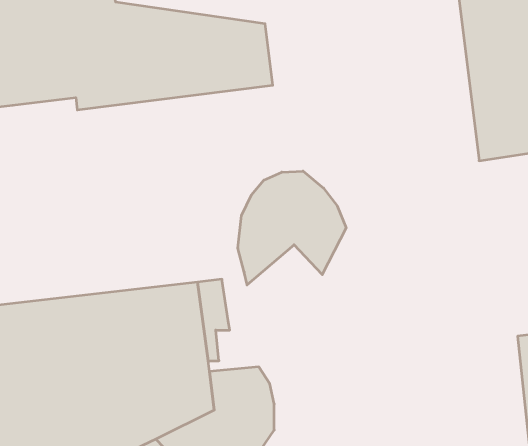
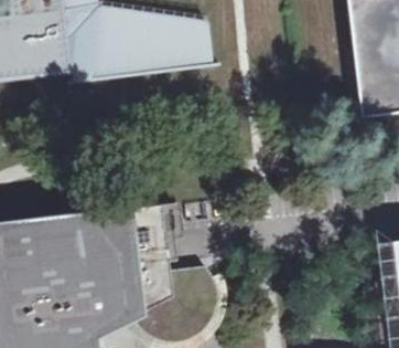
building: [238,171,346,285] -> none

